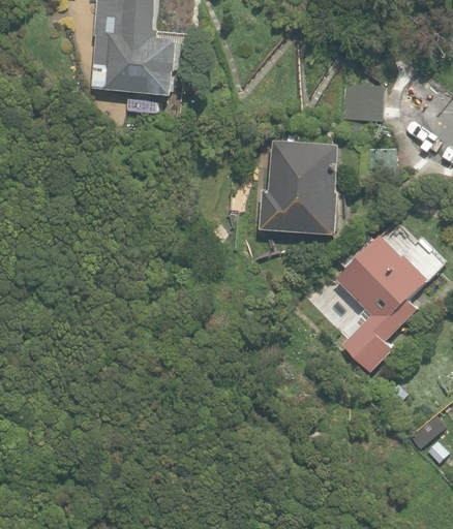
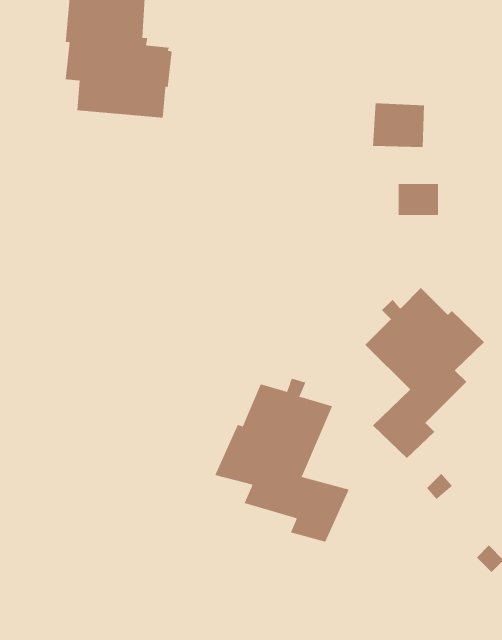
building: [259,139,341,235] -> none
building: none -> [215,378,349,542]

